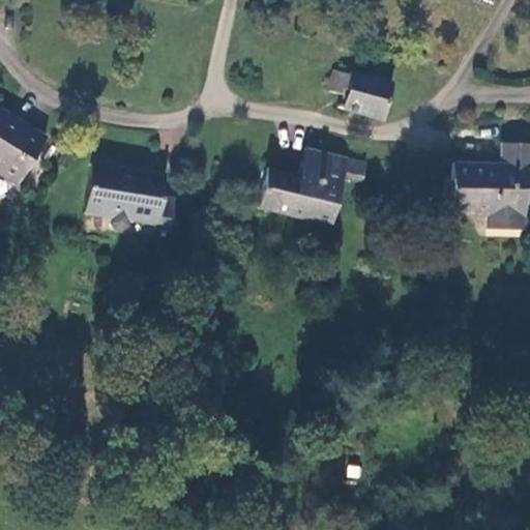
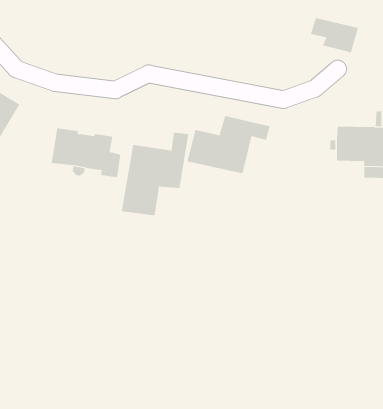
building: [330,70,392,116] -> [310,17,359,53]
building: none -> [121,132,189,216]

